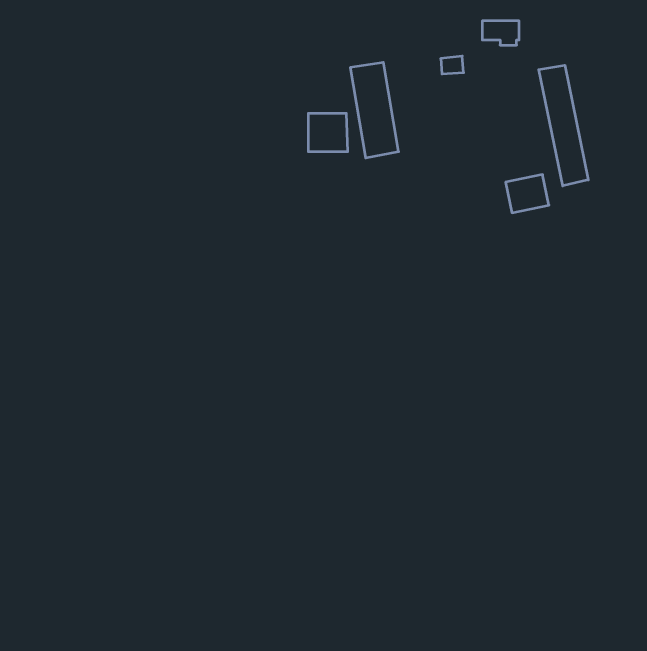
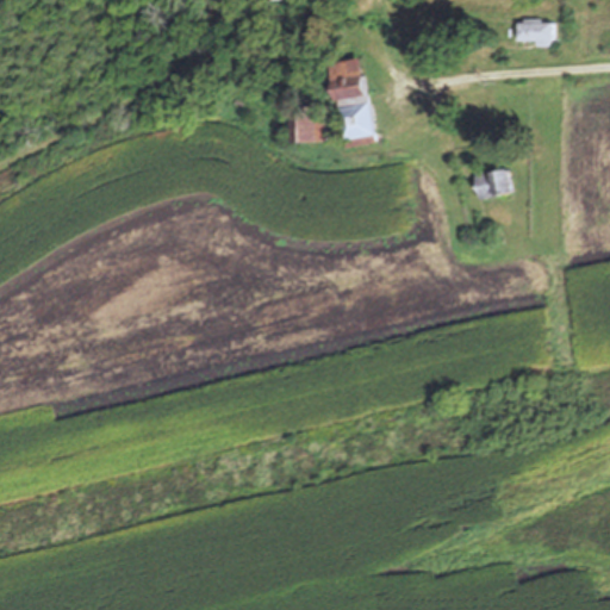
building: [482,21,519,45] -> [517,23,552,45]
building: [539,65,588,186] -> none

